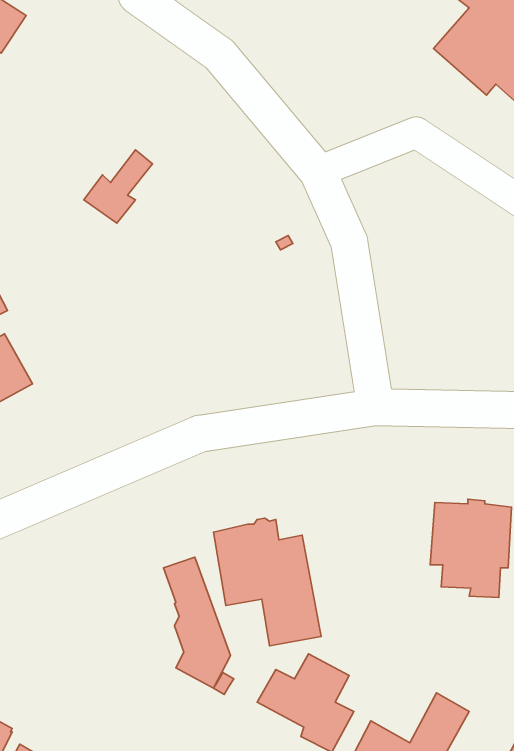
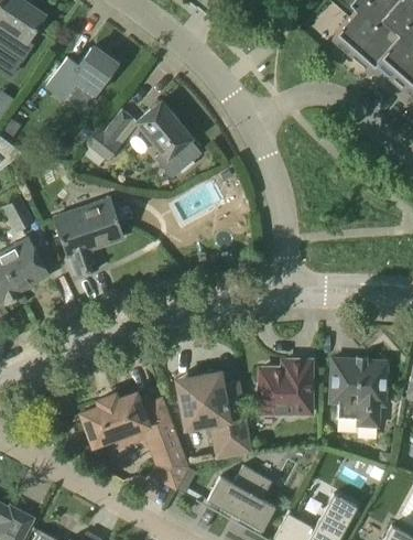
building: none -> [46,47,116,98]
building: none -> [137,101,200,177]
building: none -> [53,198,123,276]
building: none -> [257,360,311,413]
building: none -> [81,392,150,445]

